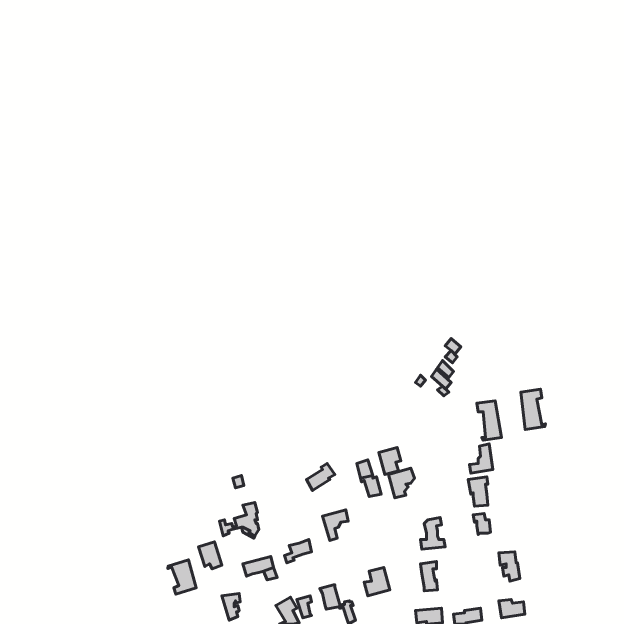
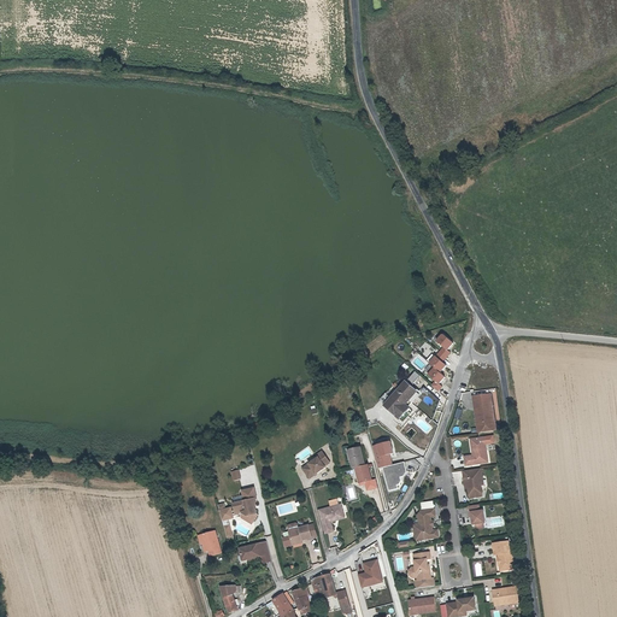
building: none -> [383,378,417,418]
building: [521,389,546,429] -> none
building: [168,560,196,594] -> none

